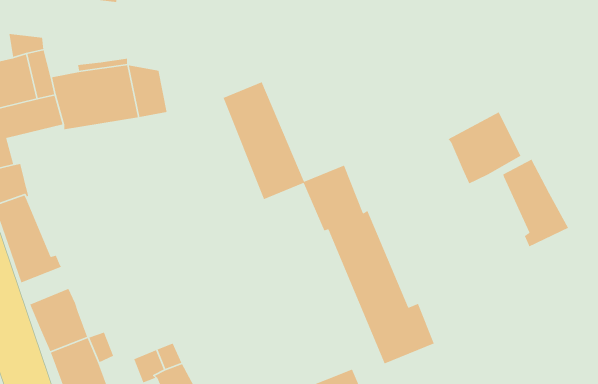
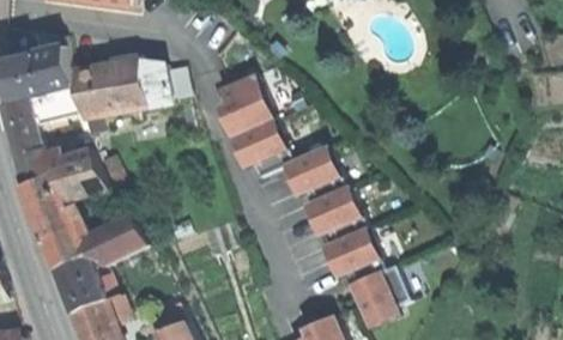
building: [448,111,521,184] -> none
building: [502,158,569,248] -> none
building: none -> [46,150,105,200]
building: none -> [42,212,144,269]

